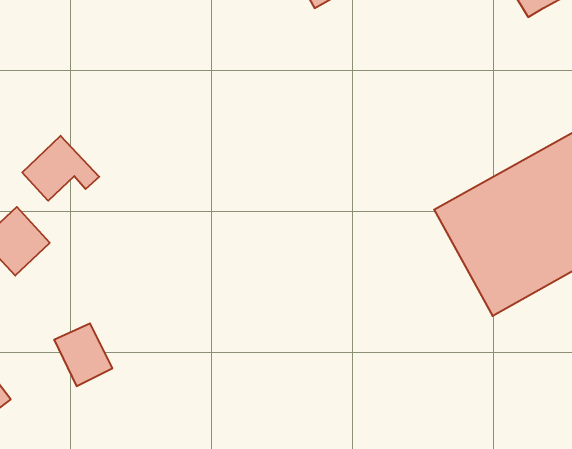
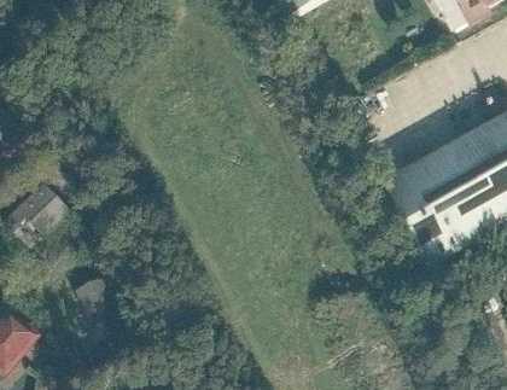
building: [22,136,99,201] -> none

